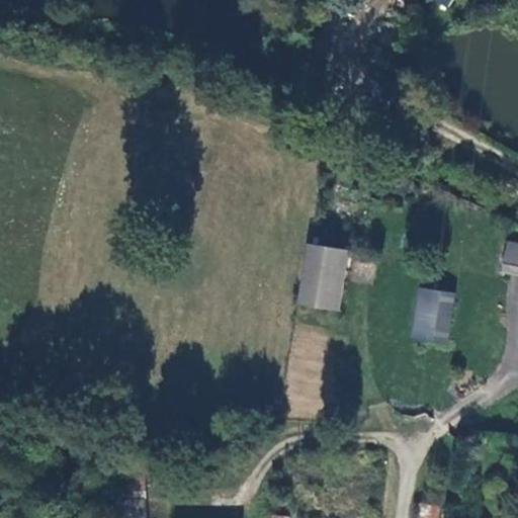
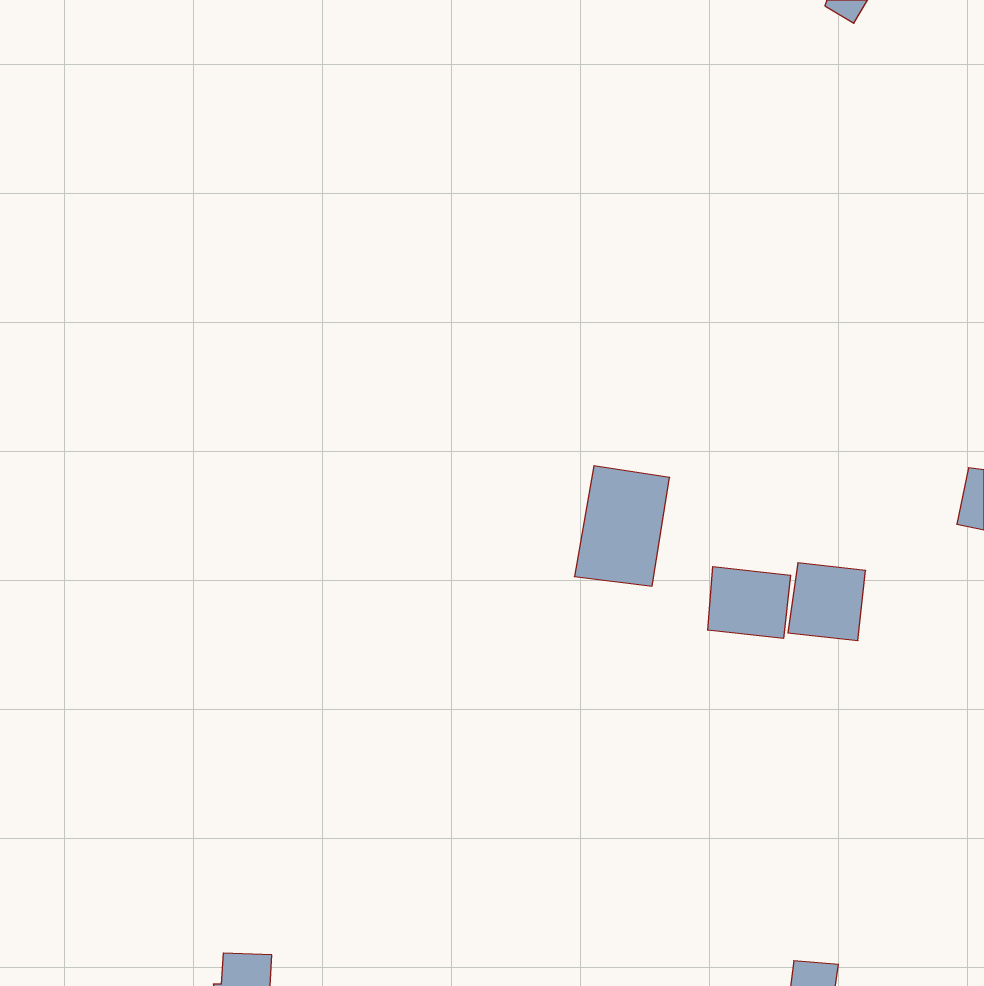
building: none -> [708,567,791,638]

